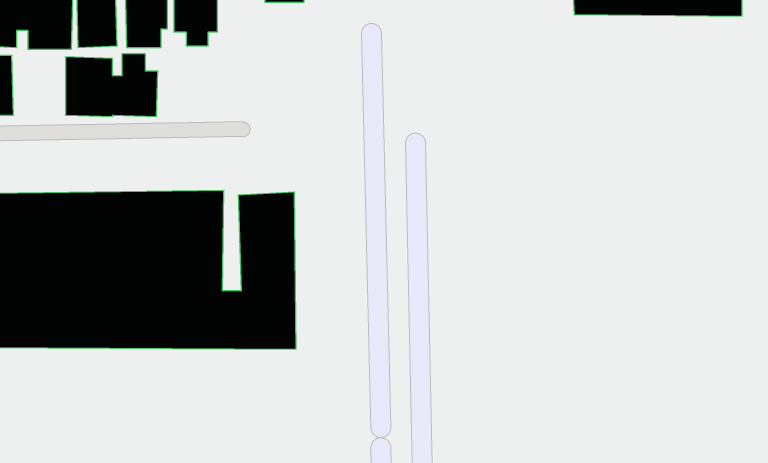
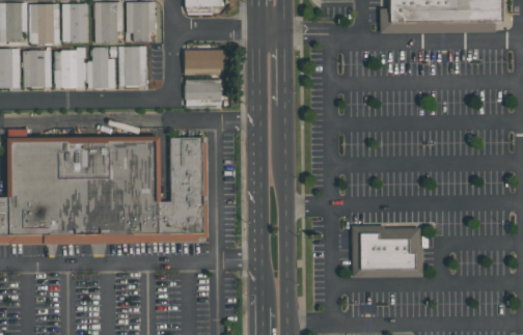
building: none -> [119,46,148,86]
building: none -> [184,49,225,75]
building: none -> [24,50,52,87]
building: none -> [185,79,222,108]
building: none -> [354,226,422,277]

